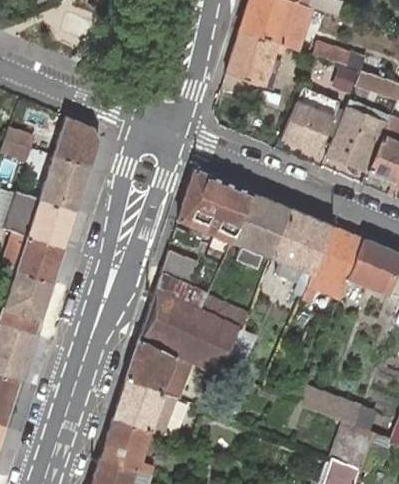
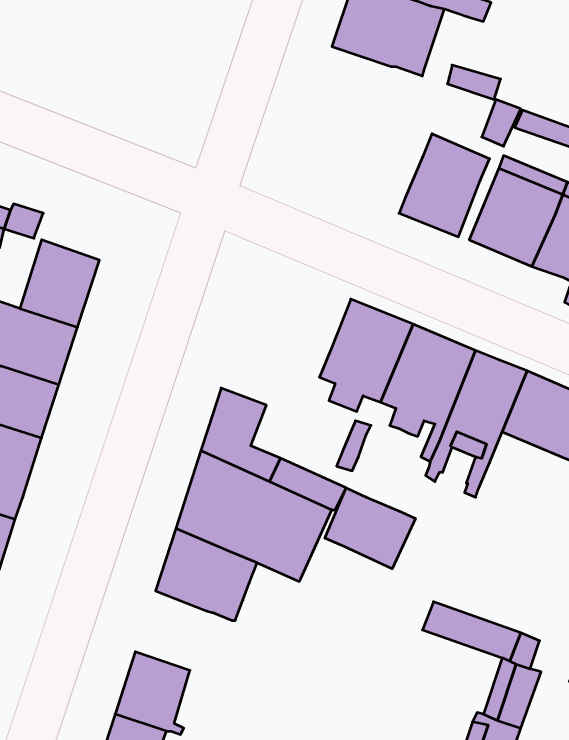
building: [225,31,281,90] -> none
building: [53,117,98,168] -> none
building: [177,170,251,243] -> none
building: none -> [325,488,415,569]
building: [113,380,175,436] -> none

